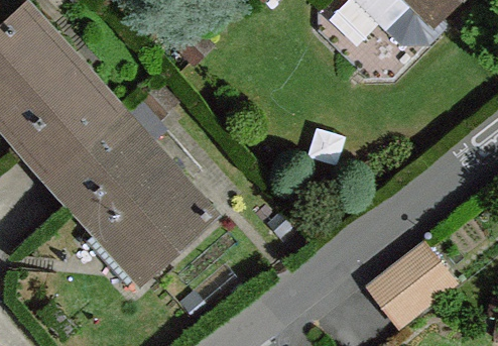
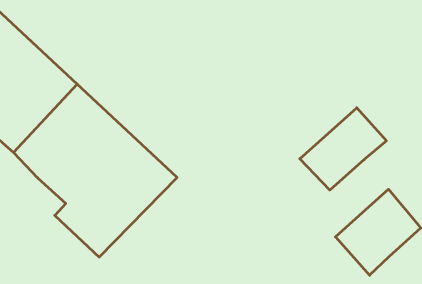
building: none -> [300,108,386,190]

